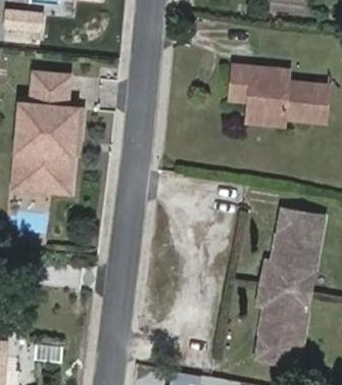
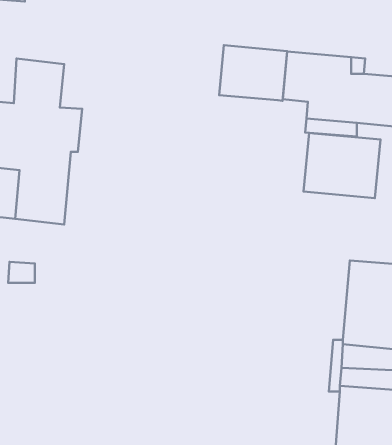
building: none -> [219,45,287,101]
building: none -> [304,133,380,198]

